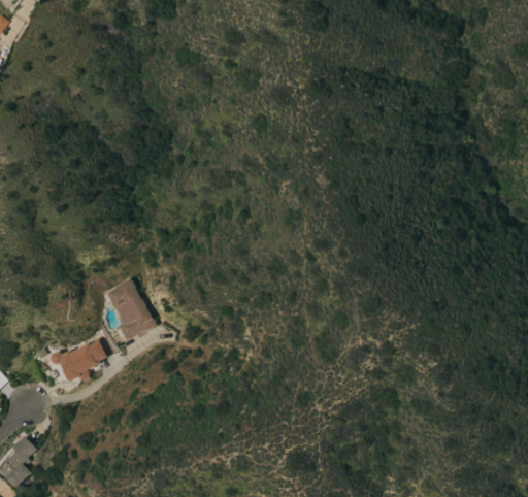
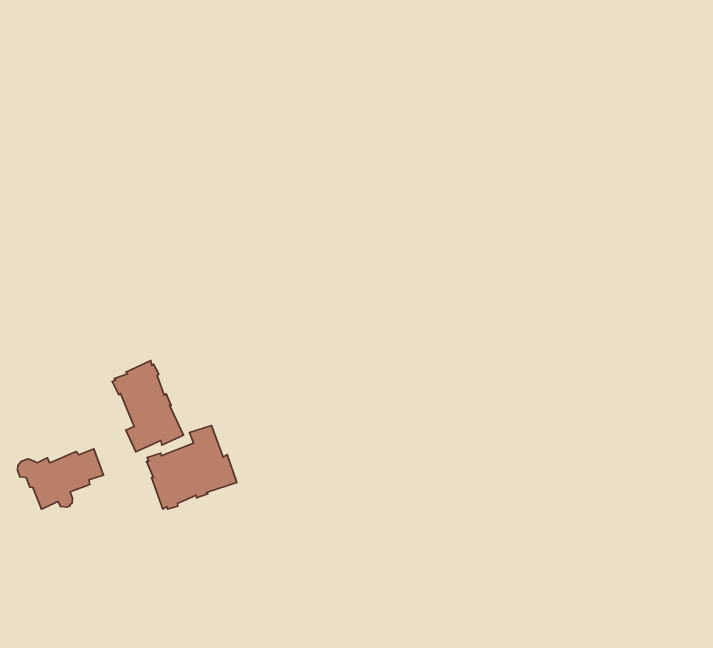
building: none -> [147,426,237,509]

